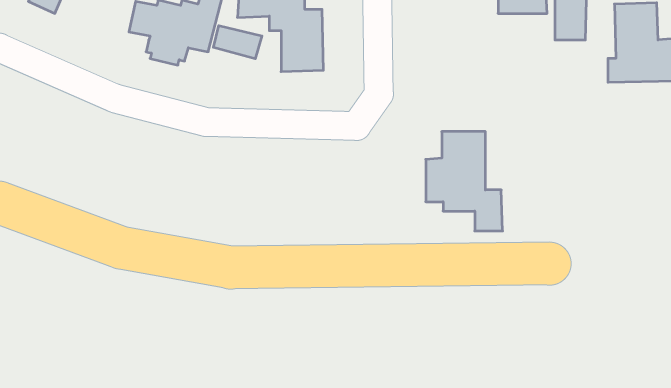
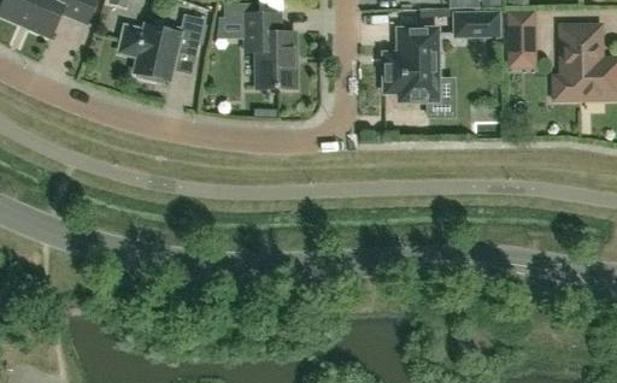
building: [213,26,262,59] -> none
building: [426,132,503,231] -> [383,28,453,118]

